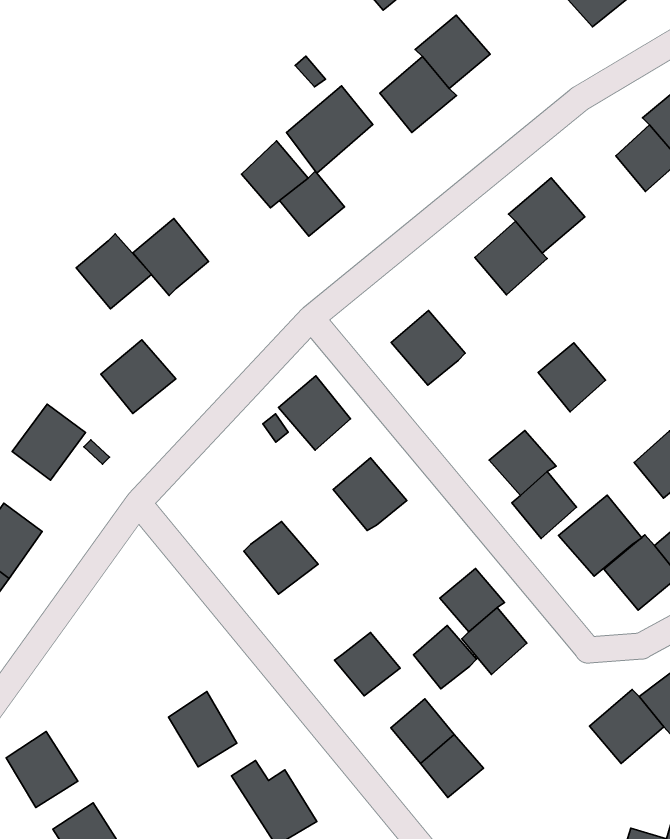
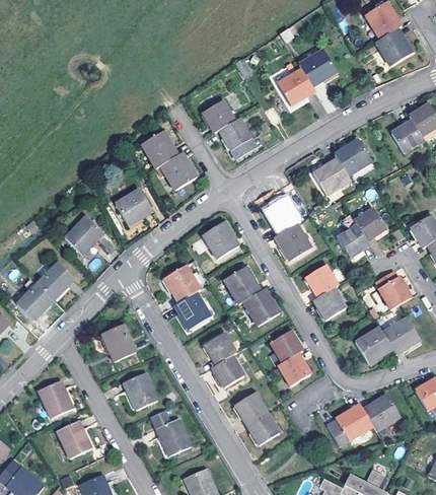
building: [287,86,373,173] -> none
building: [76,234,151,309] -> [160,152,198,190]
building: none -> [354,208,386,240]
building: none -> [276,224,311,261]
building: none -> [164,266,201,301]
building: none -> [243,288,279,326]
building: [559,495,642,576] -> none
building: none -> [102,325,136,361]
building: [414,626,477,689] -> [205,333,236,364]

